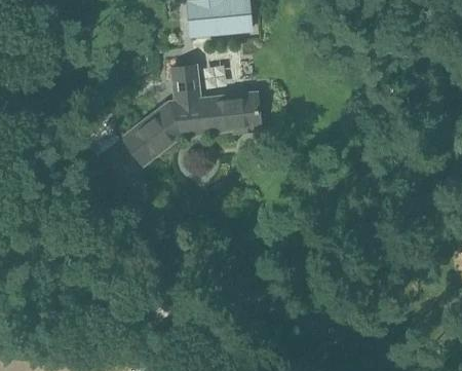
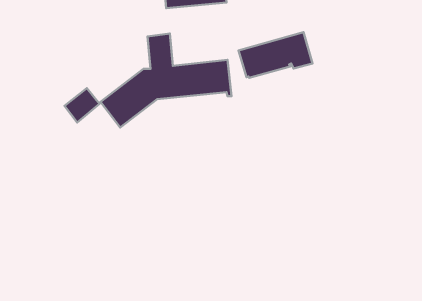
building: none -> [238,32,312,78]

